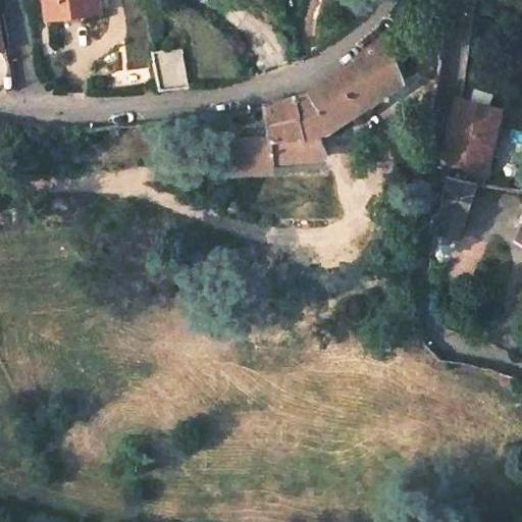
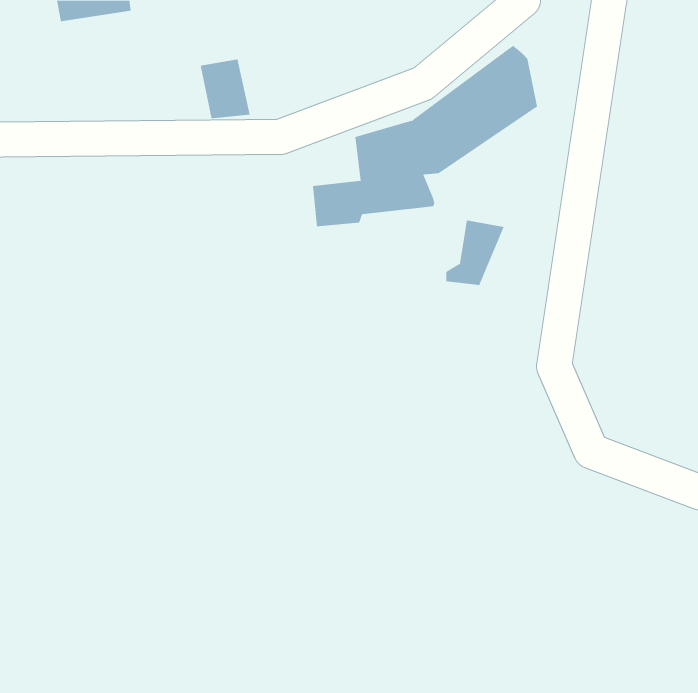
building: [440,99,503,173] -> none
building: [432,180,476,229] -> [446,220,504,285]

